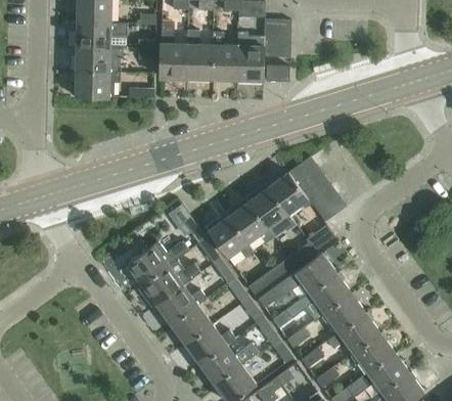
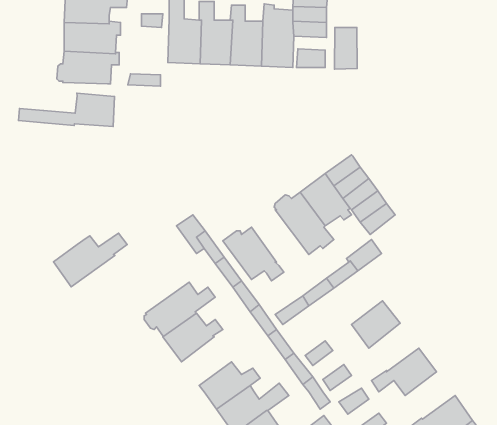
building: none -> [335,28,357,69]
building: none -> [18,93,115,126]
building: [226,201,275,244] -> none
building: [127,241,187,285] -> [54,233,127,287]
building: [259,255,335,310] -> none
building: [324,294,365,333] -> none
building: [171,305,212,345] -> none
building: [354,333,395,372] -> none

